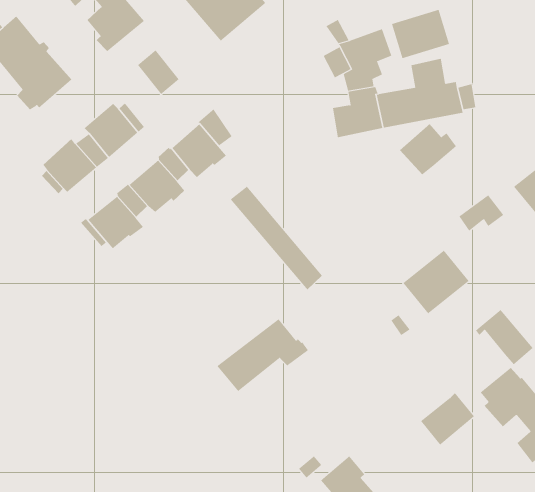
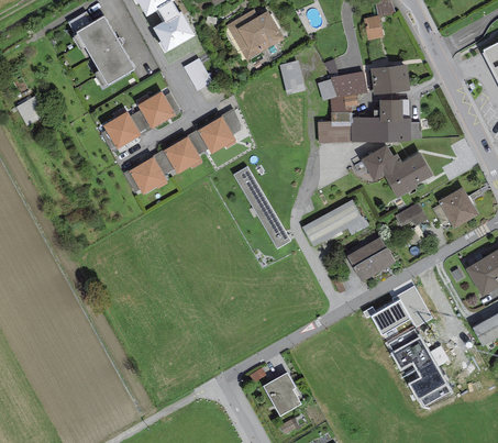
building: none -> [279,59,306,95]
building: none -> [384,151,433,199]
building: [216,319,309,392] -> [301,199,369,246]
building: [420,392,475,445] -> [370,299,410,335]

